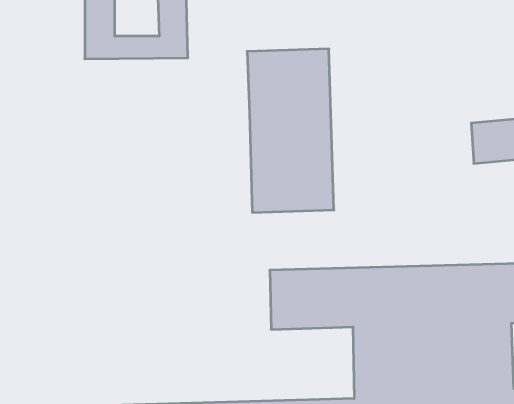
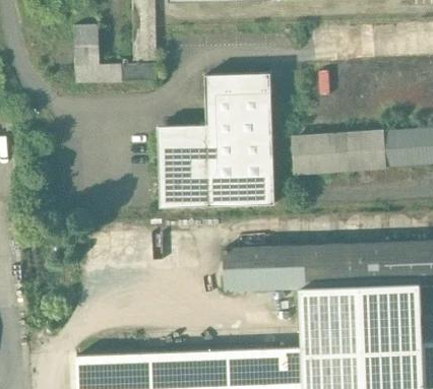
building: none -> [159,122,209,204]
building: none -> [296,130,388,170]

